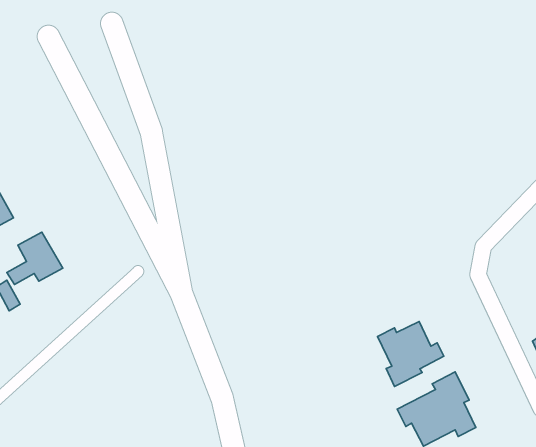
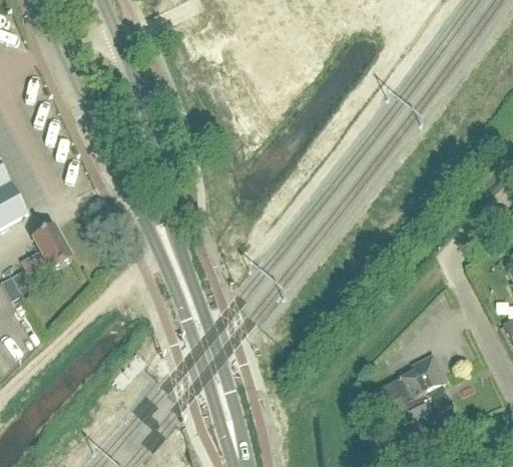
building: [378,322,444,386] -> none

